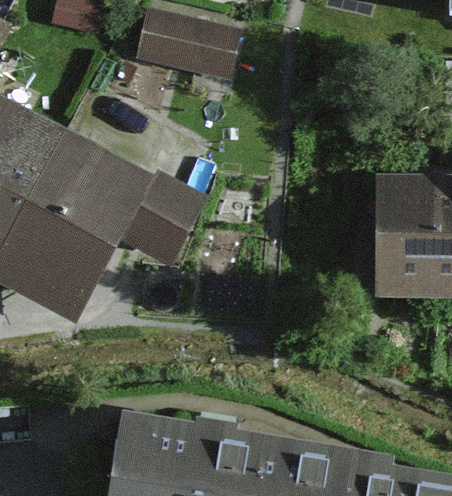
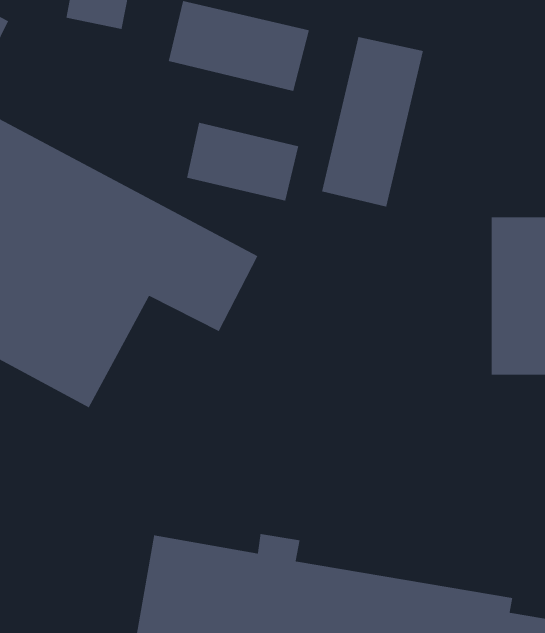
building: none -> [321,36,424,208]
building: none -> [186,122,299,202]

